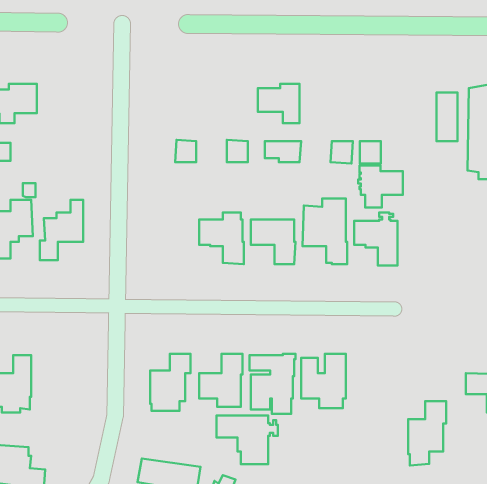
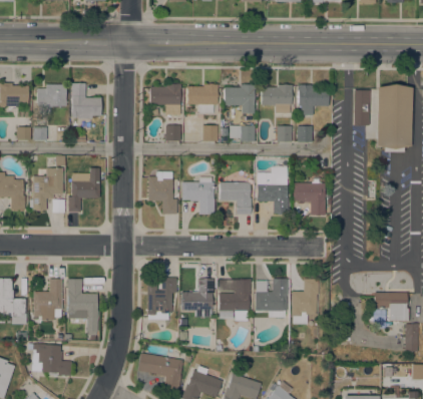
building: none -> [72,82,101,118]
building: none -> [150,83,181,114]
building: none -> [187,83,219,112]
building: none -> [262,84,293,113]
building: [358,165,403,207] -> [297,84,329,114]
building: none -> [148,170,177,214]
building: none -> [67,278,97,334]
building: [408,401,446,465] -> [293,278,320,324]
building: [217,415,278,464] -> none

